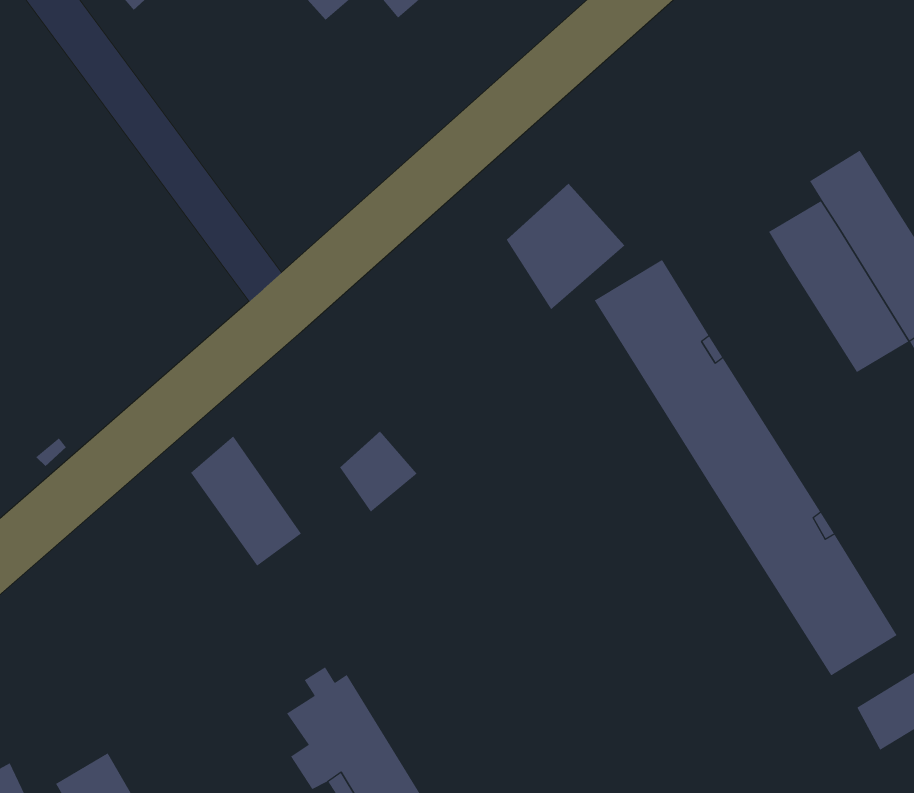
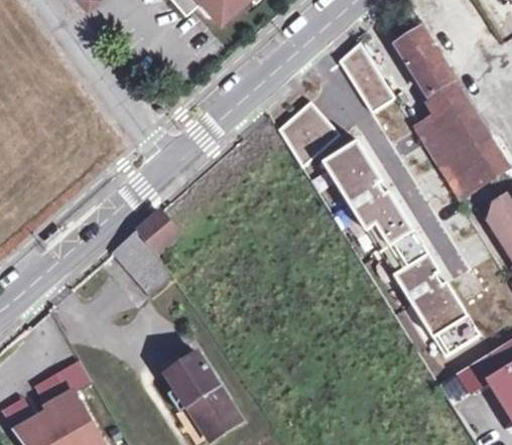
building: none -> [401,28,457,94]
building: none -> [340,42,395,113]
building: [339,430,417,513] -> [138,212,178,255]
building: none -> [34,363,91,411]

